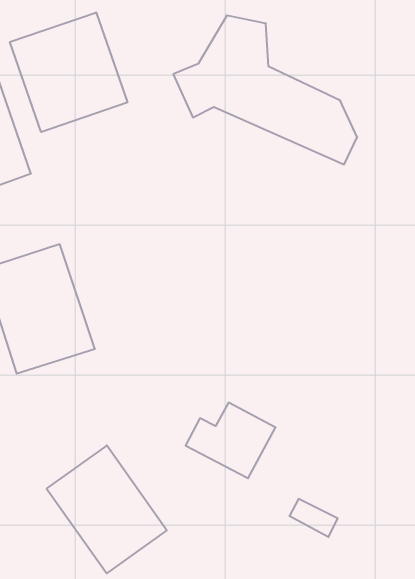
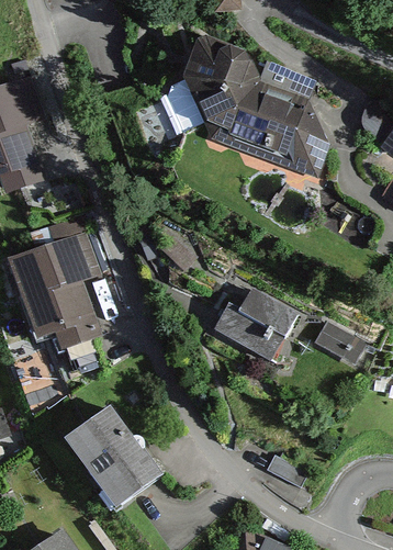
building: [10,12,127,132] -> none
building: none -> [317,318,363,358]
building: [186,403,276,478] -> [215,290,291,353]

